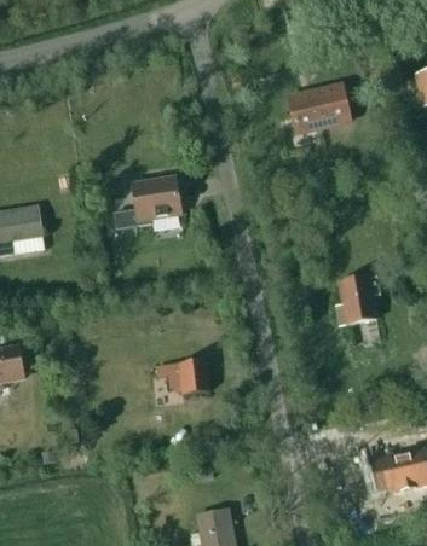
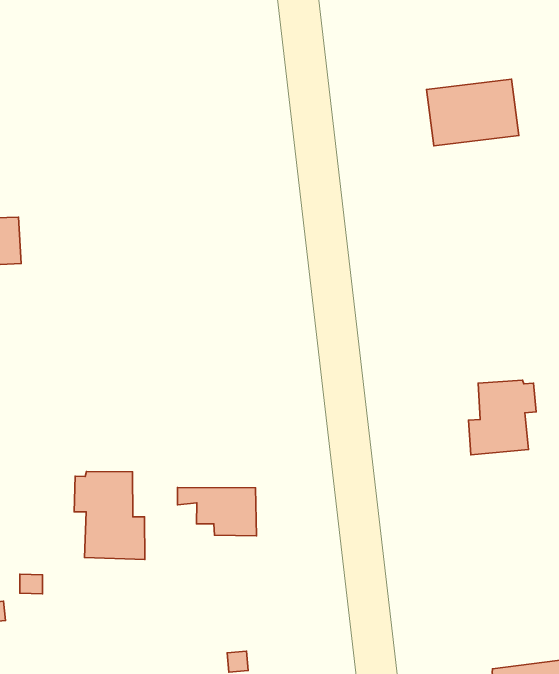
building: [114,175,181,227] -> none
building: none -> [74,472,145,560]

